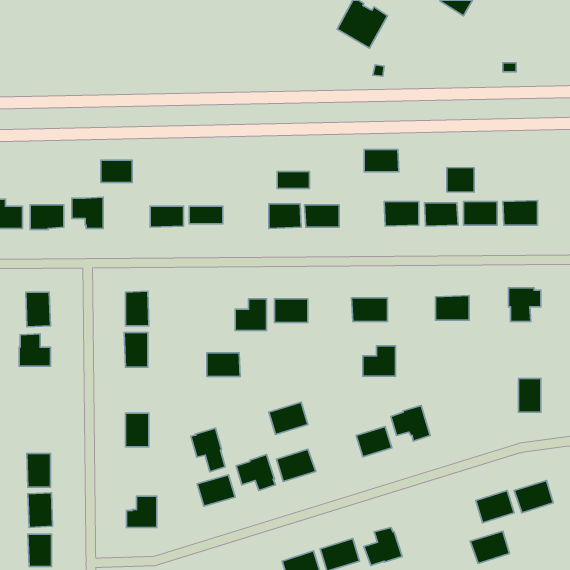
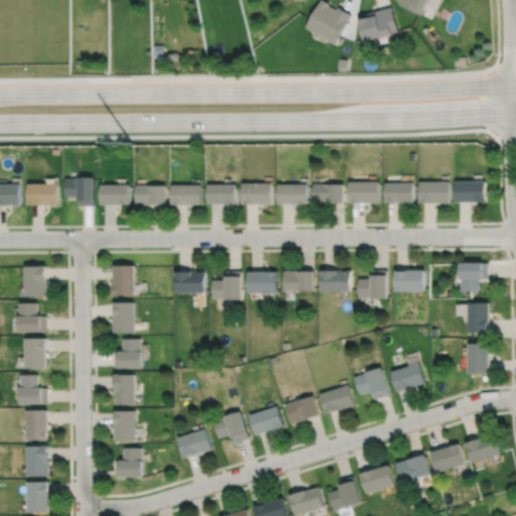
building: none -> [356,8,396,43]
building: [364,150,399,172] -> [310,185,342,206]
building: [101,160,132,182] -> [100,187,128,208]
building: [447,168,474,192] -> none
building: [277,172,309,188] -> [207,187,236,203]
building: none -> [283,270,310,290]
building: none -> [467,302,488,333]
building: [363,346,395,376] -> [356,270,385,297]
building: [207,353,240,376] -> [174,271,205,292]
building: none -> [24,338,45,368]
building: none -> [113,339,141,368]
building: none -> [388,363,423,391]
building: [269,402,308,435] -> [284,395,319,424]
building: none -> [17,375,46,404]
building: [191,428,225,472] -> none
building: none -> [113,411,134,441]
building: none -> [360,465,392,494]
building: [470,531,509,564] -> [392,455,427,484]

